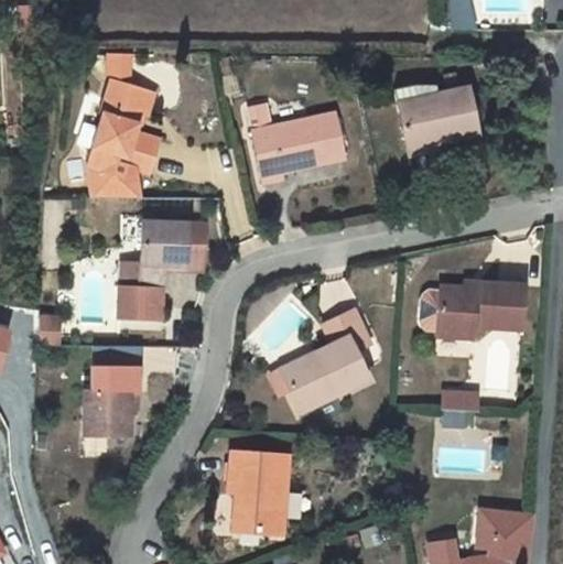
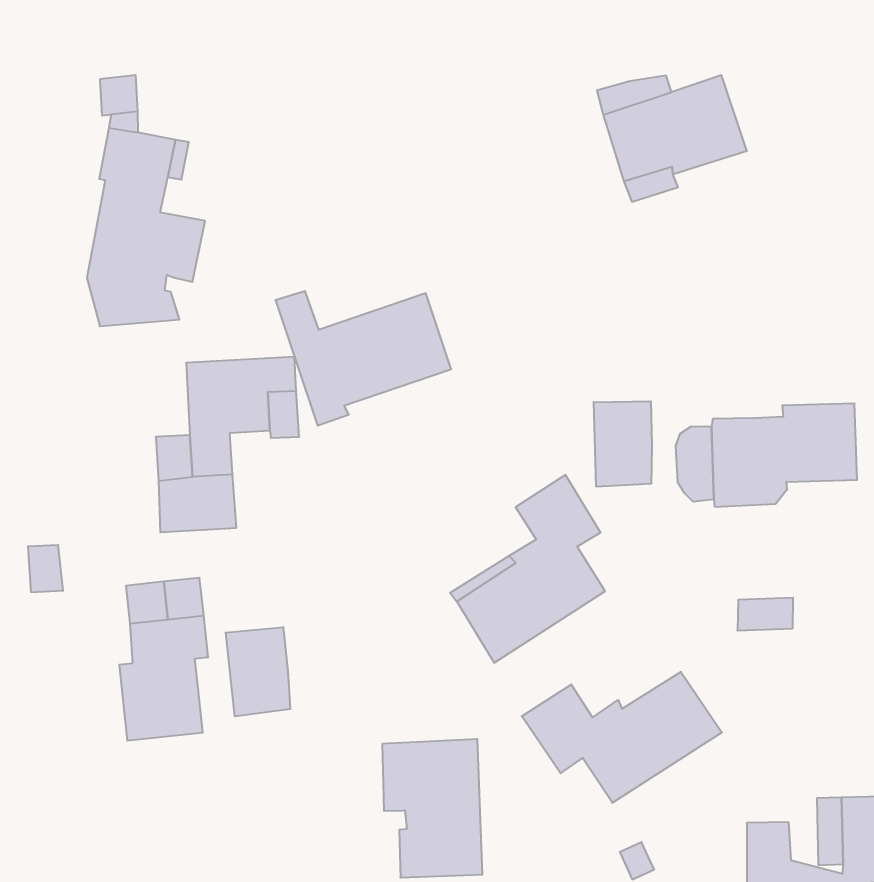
building: [247,105,344,183] -> [275,291,451,426]
building: none -> [594,401,652,487]
building: none -> [226,627,290,716]
building: none -> [522,672,722,803]

